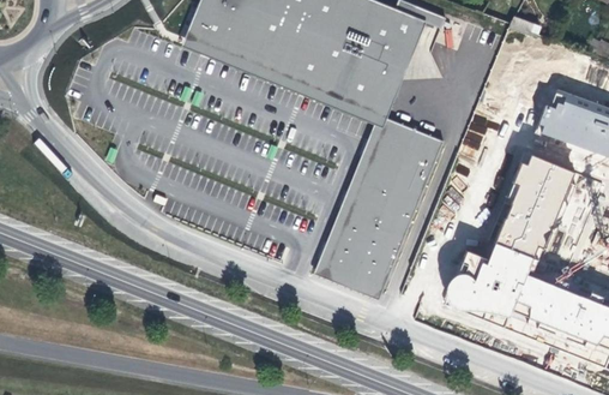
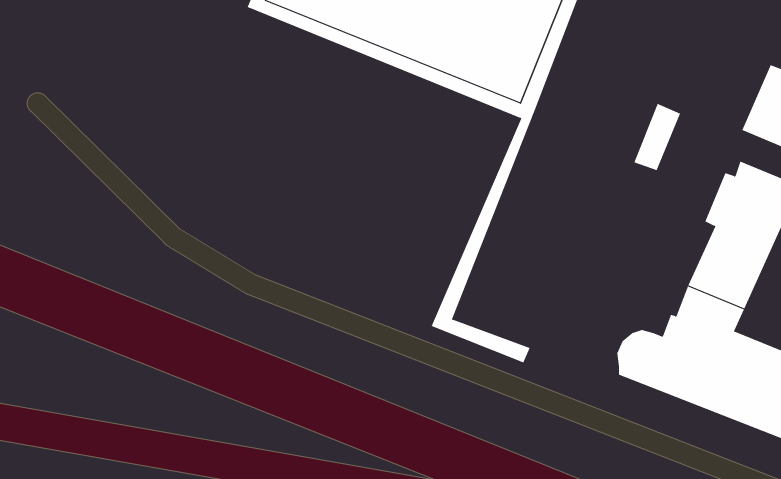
building: [328,116,444,286] -> none

